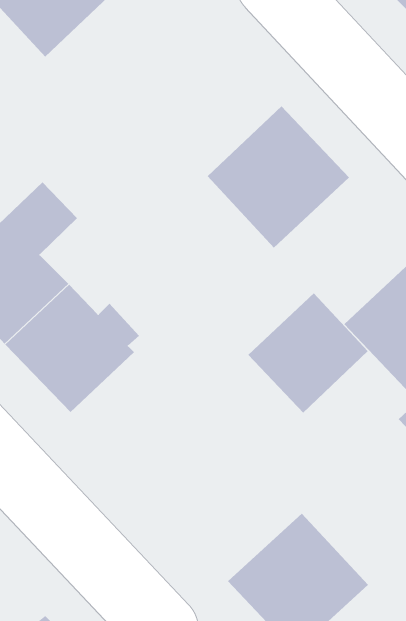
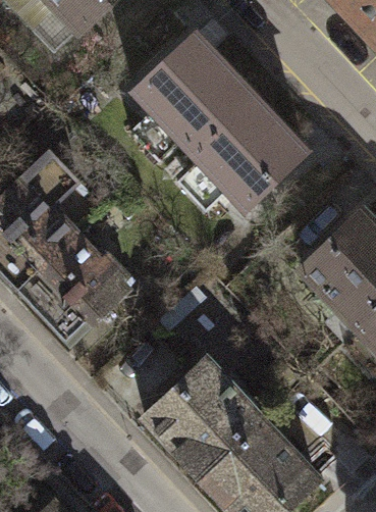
building: none -> [133,32,249,147]
building: [248,293,368,413] -> none
building: none -> [150,359,265,473]

